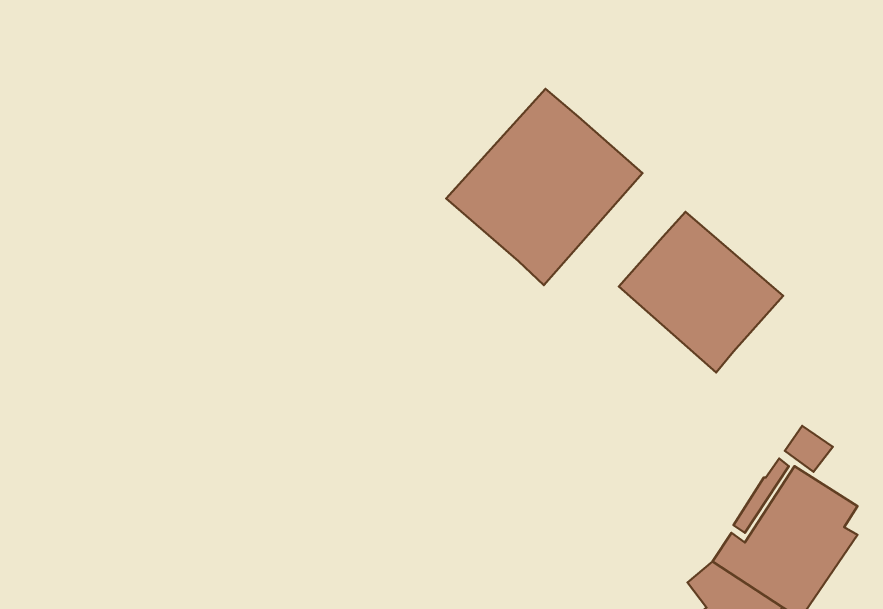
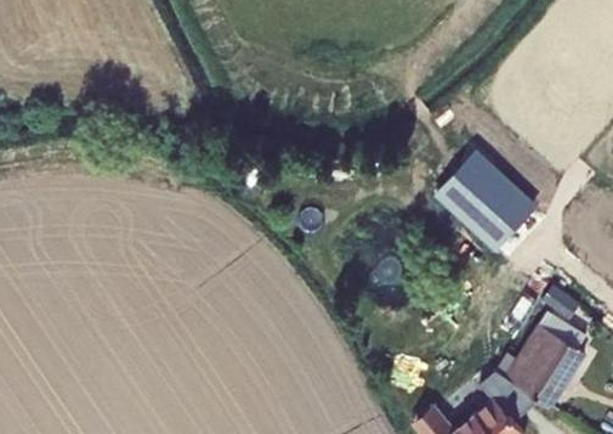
building: [446,89,643,285] -> none

